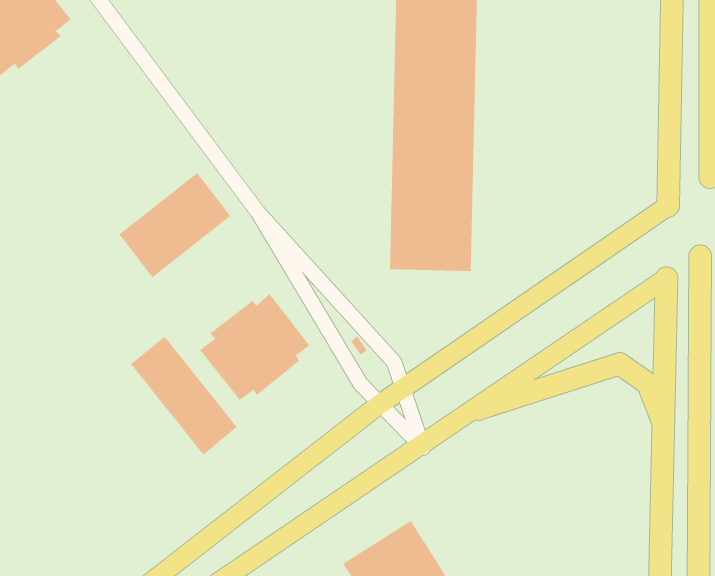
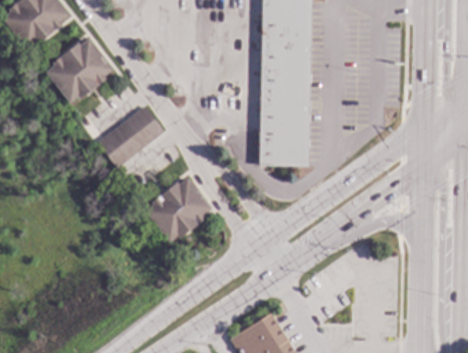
building: none -> [46,38,113,102]
building: [130,336,238,456] -> none

